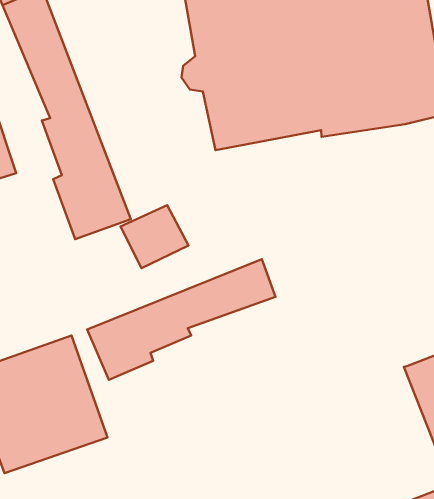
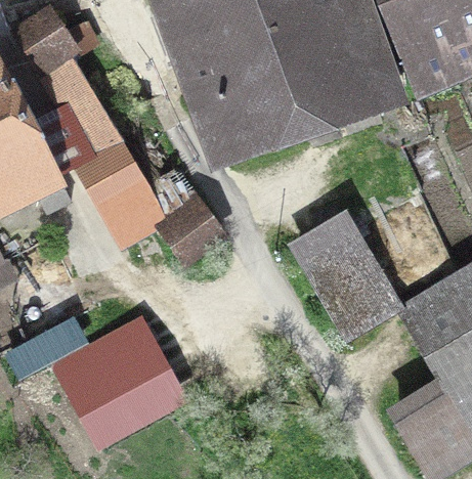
building: none -> [296,219,399,336]
building: [87,259,275,380] -> none

